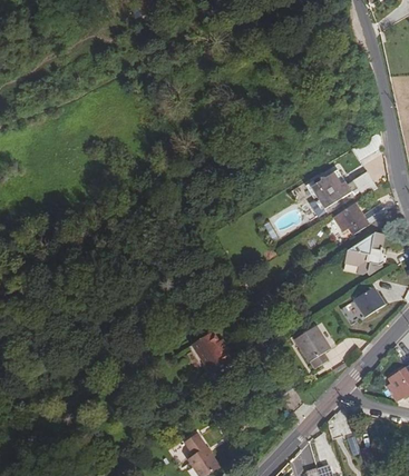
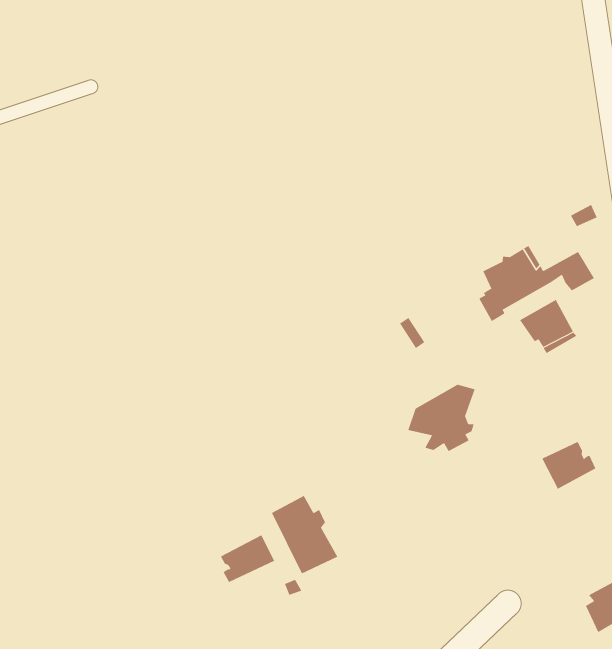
building: [344,231,384,272] -> [408,384,475,452]
building: [294,326,330,367] -> none
building: none -> [220,534,275,583]

